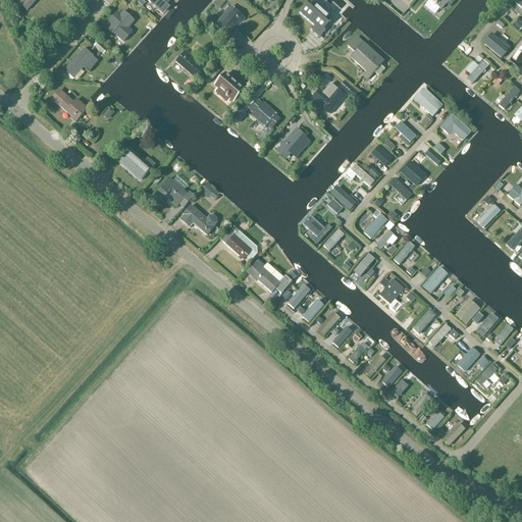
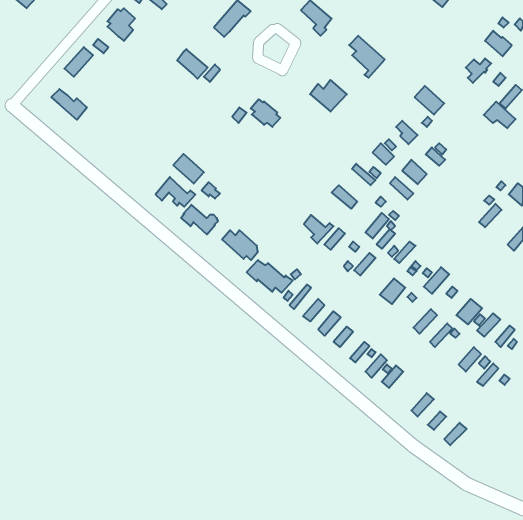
building: [215,72,244,100] -> none
building: [439,112,471,139] -> [484,102,516,128]
building: [275,126,311,158] -> none
building: [120,148,151,177] -> [173,154,204,184]

